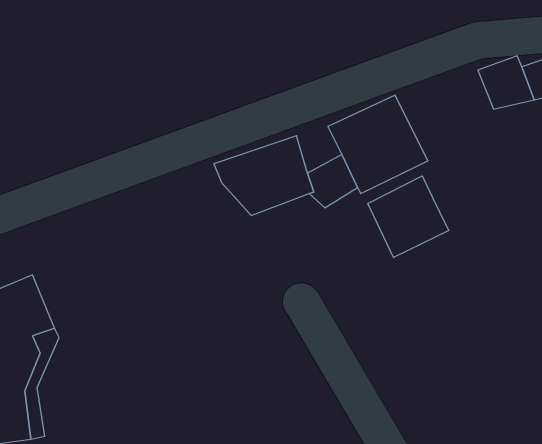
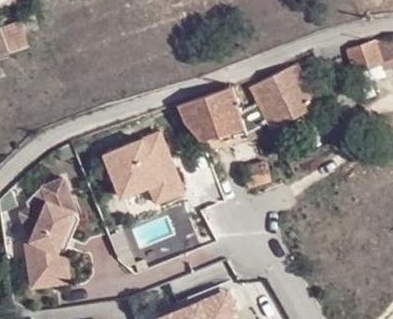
building: [368,176,449,258] -> none
building: none -> [103,134,182,205]

